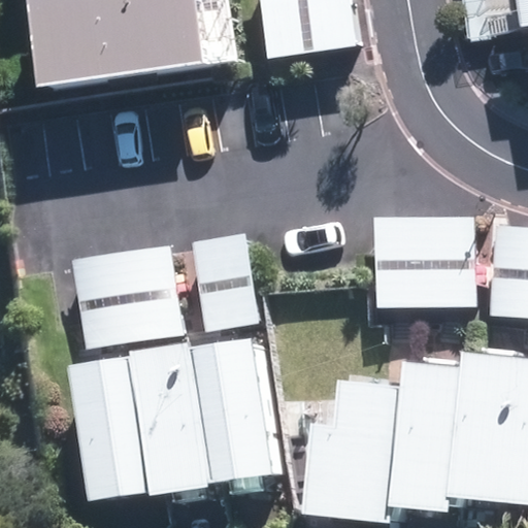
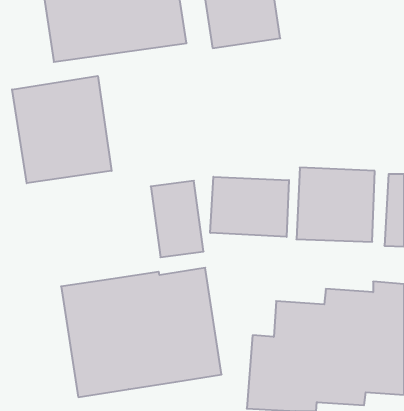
building: none -> [12,76,112,183]
building: none -> [210,177,289,237]
building: [72,244,178,345] -> none

